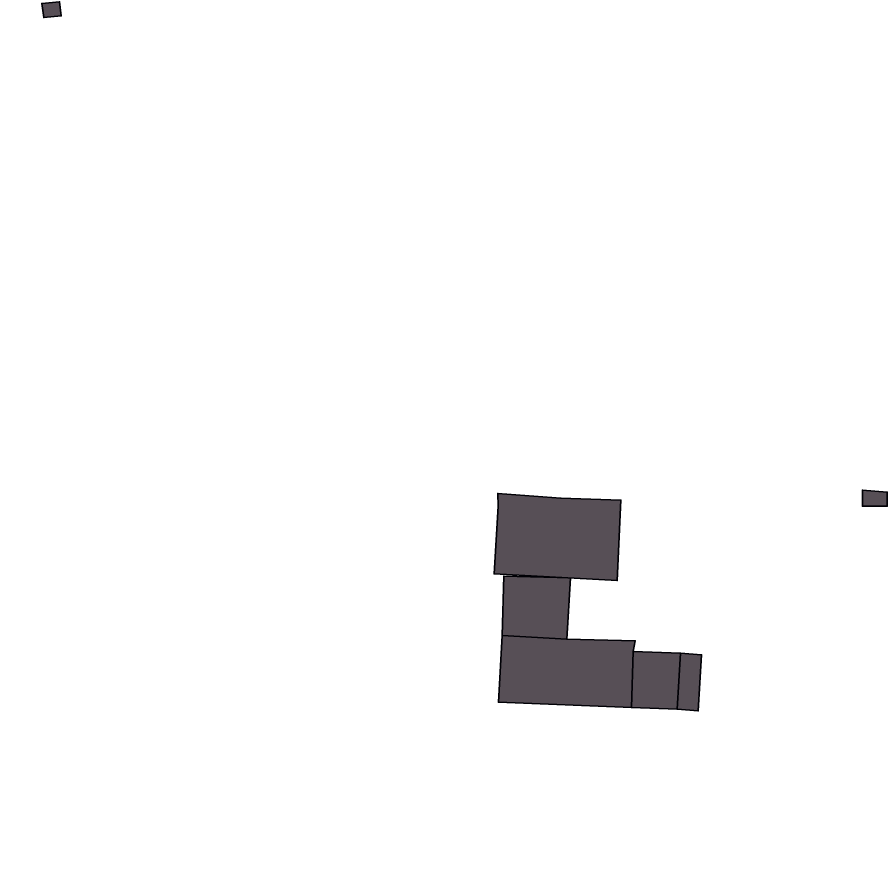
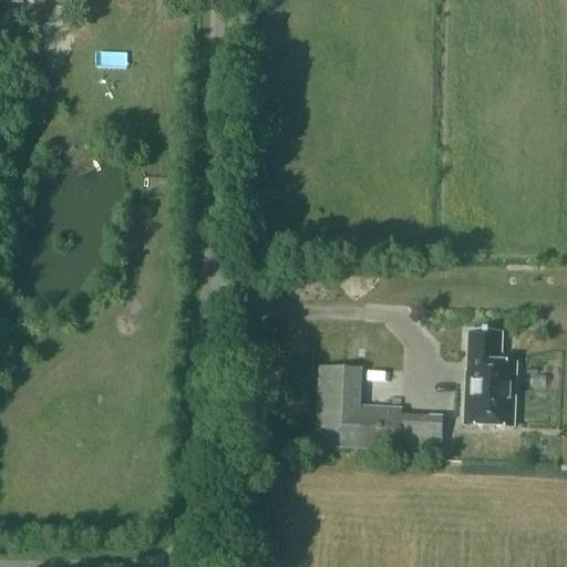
building: [494,493,621,580] -> none
building: none -> [464,327,518,424]

